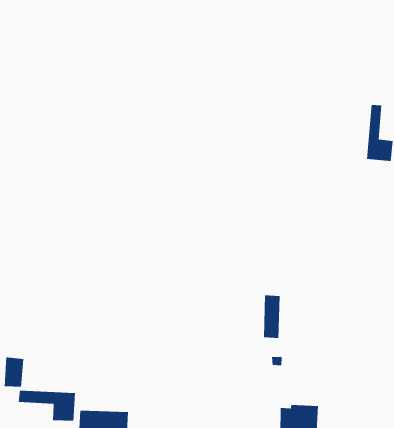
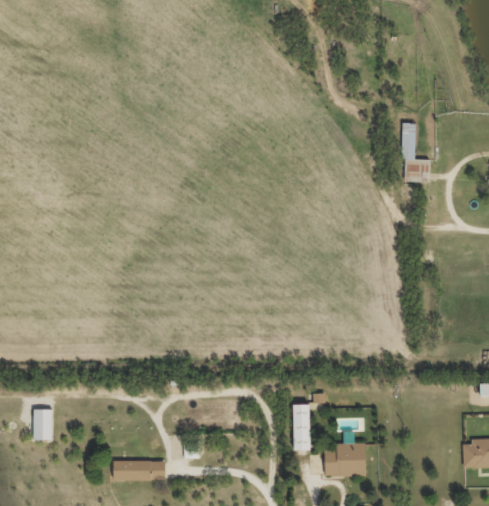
building: [263,295,280,338] -> [293,405,311,450]
building: [18,390,75,422] -> none

